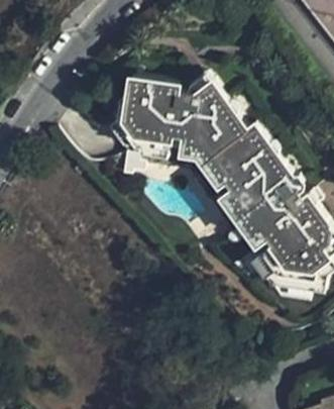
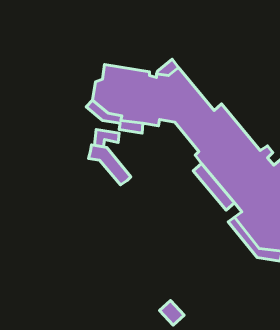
building: [181,143,227,188] -> [89,145,131,185]

